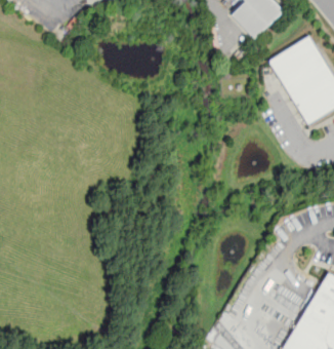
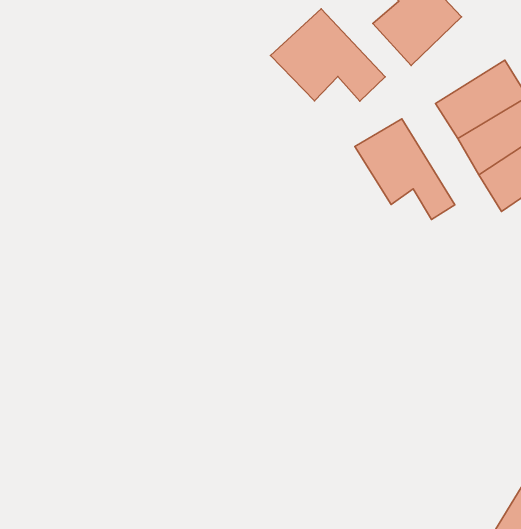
building: none -> [271,9,385,101]
building: none -> [355,119,455,220]

